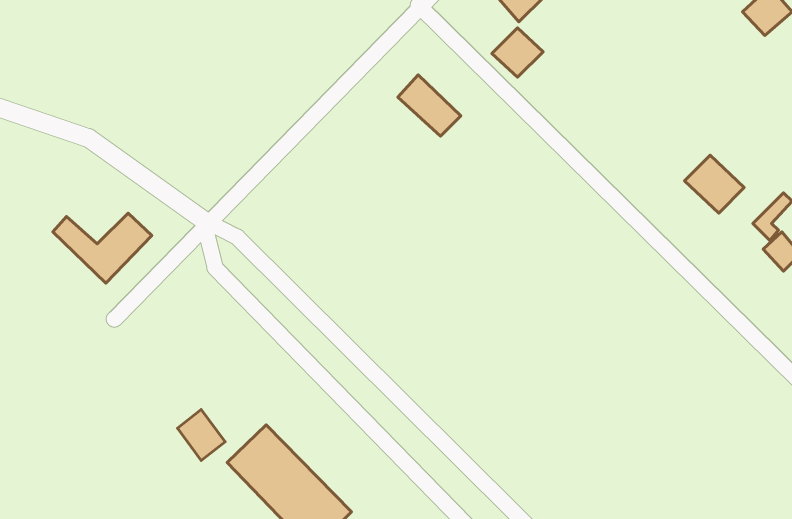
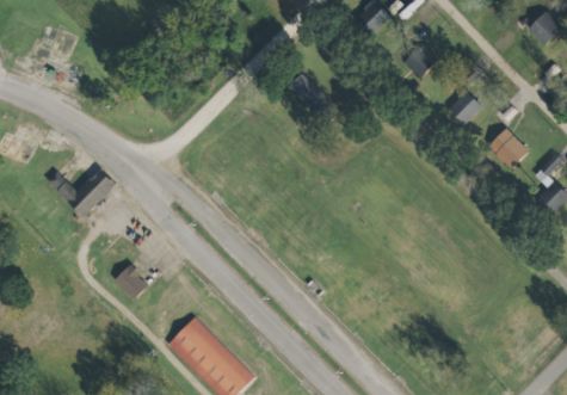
building: [492,28,543,77] -> [402,44,438,79]
building: none -> [448,92,482,126]
building: [177,409,225,461] -> [115,265,148,301]

